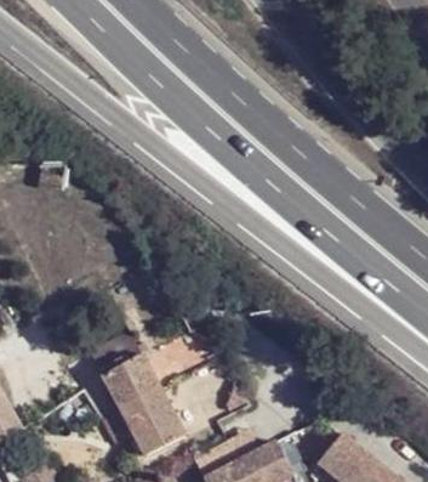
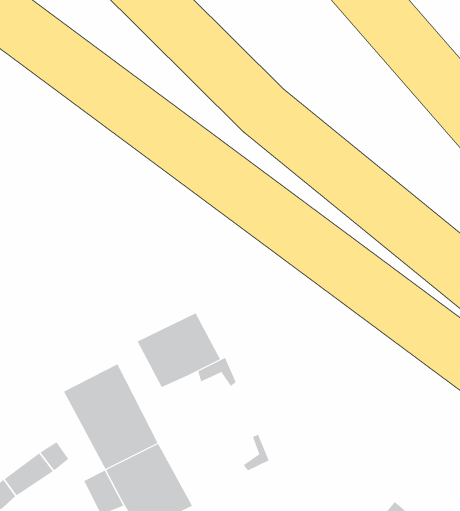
building: none -> [137,313,221,388]

